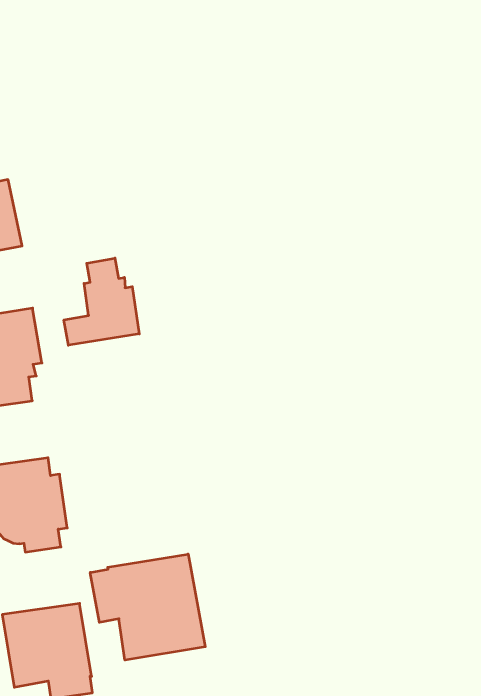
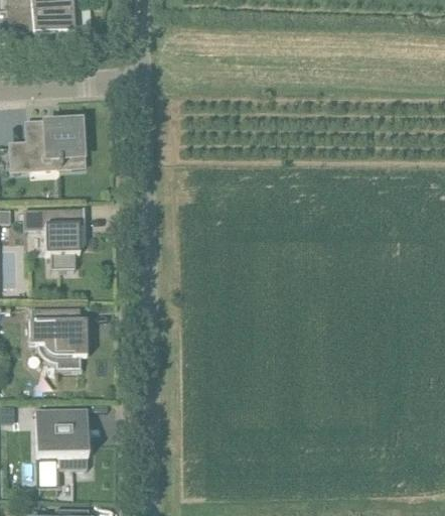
building: [64,258,139,345] -> none
building: [90,554,205,660] -> none

